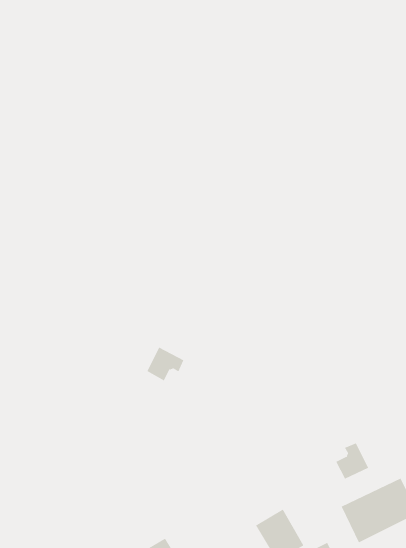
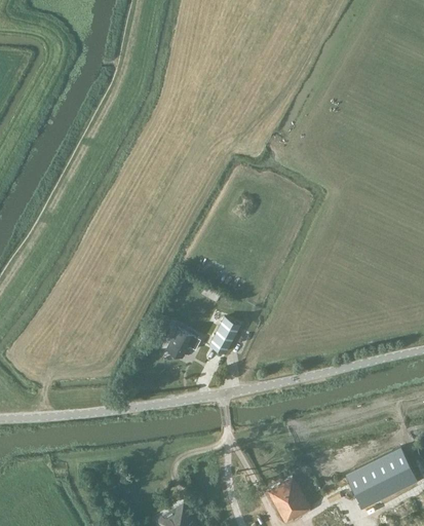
building: none -> [209,318,240,354]
building: [335,442,369,479] -> none

